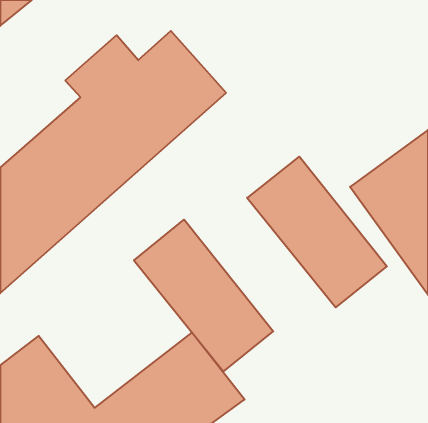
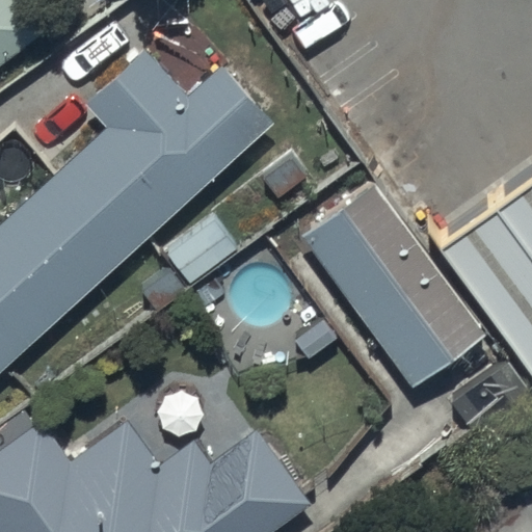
building: [134,220,273,371] -> none

